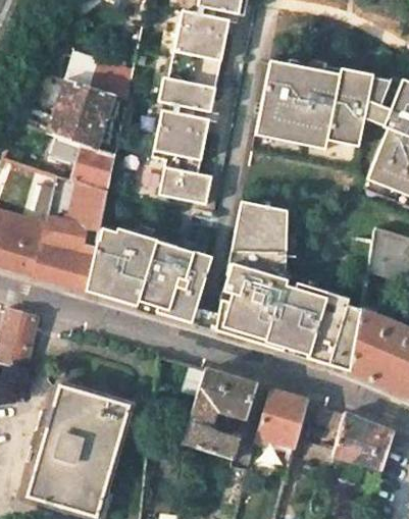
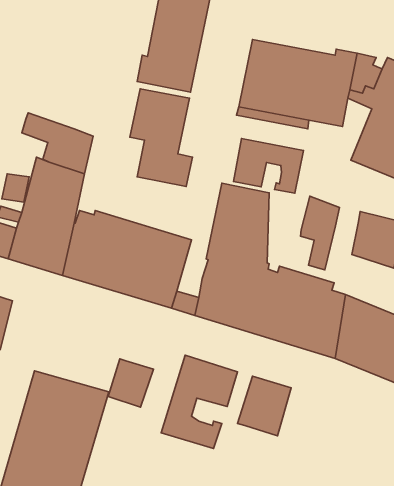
building: [48,51,132,148] -> none
building: none -> [234,139,304,193]
building: none -> [300,196,339,270]
building: none -> [108,359,154,407]
building: [335,412,394,468] -> none

